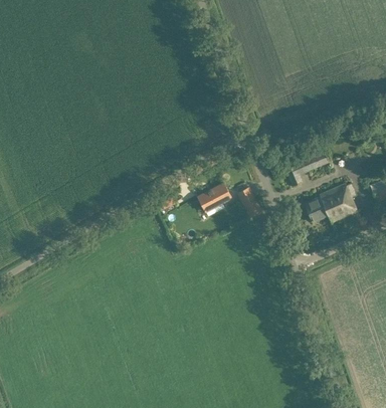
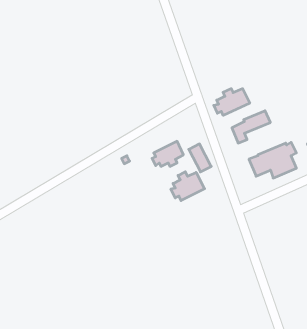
building: none -> [214,89,250,115]
building: none -> [171,172,205,201]

